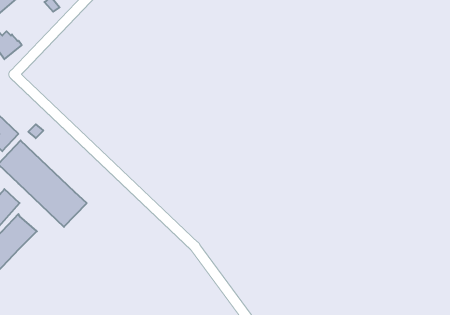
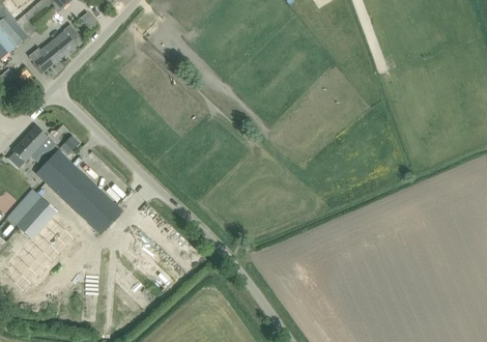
building: none -> [44,25,78,59]

